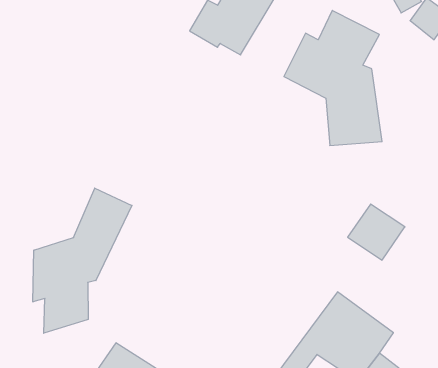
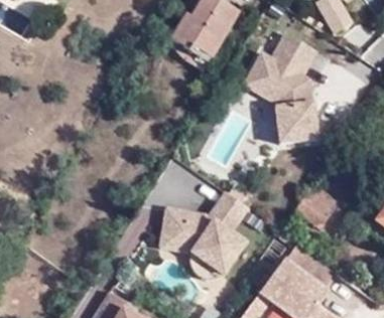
building: [33,188,132,333] -> none
building: none -> [159,188,251,274]

